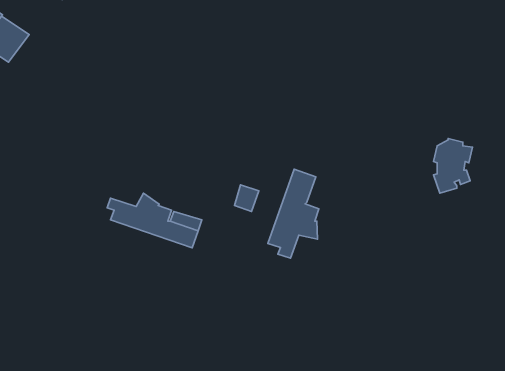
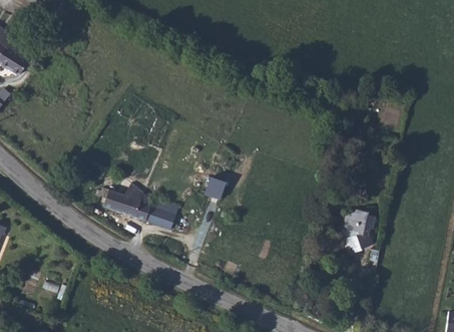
building: [434,139,472,193] -> [343,209,375,254]
building: [268,169,319,258] -> none

